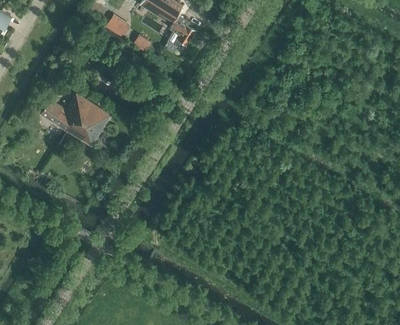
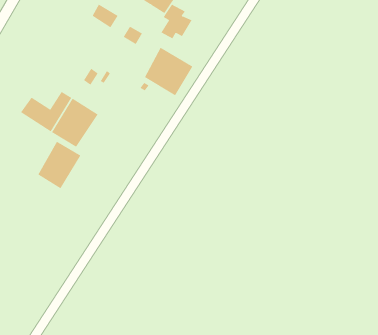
building: none -> [144,47,193,96]
building: none -> [38,141,81,189]

